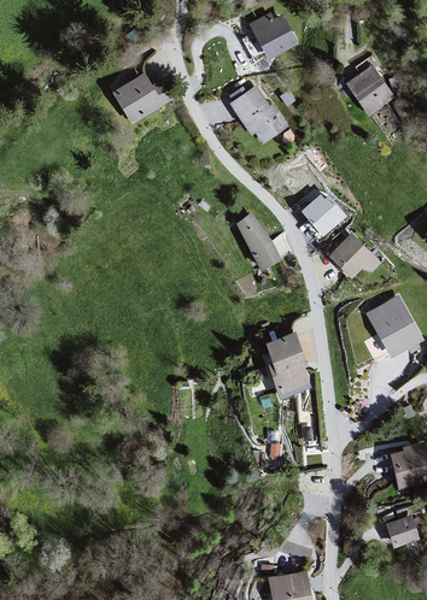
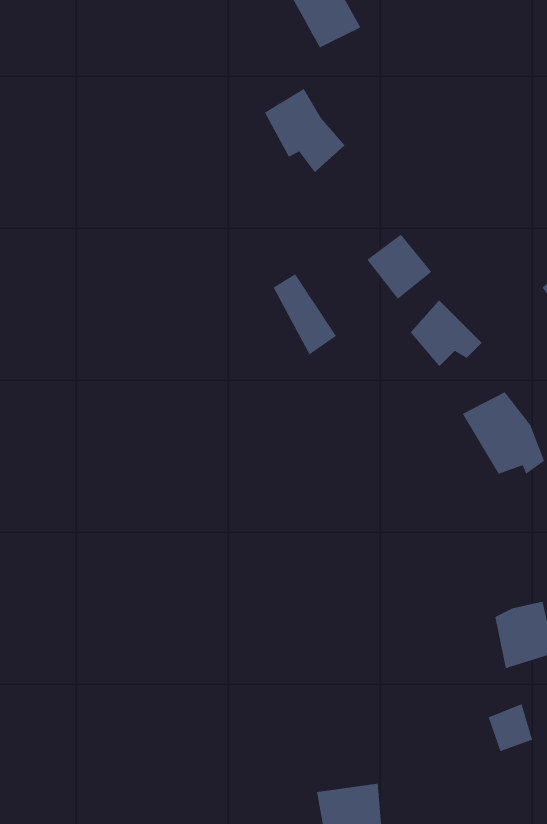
building: [345,66,391,116] -> none
building: [112,72,166,125] -> none
building: [265,335,309,398] -> none

